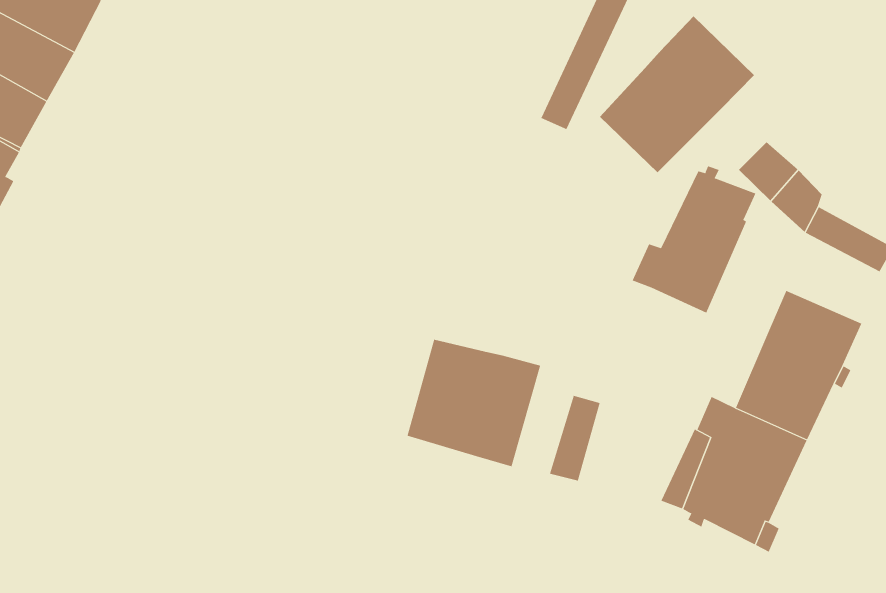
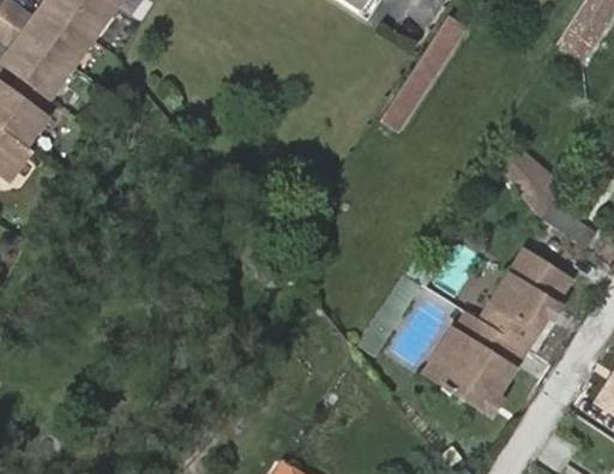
building: [599,16,755,173] -> none
building: [632,166,756,314] -> none
building: [407,339,541,467] -> none

